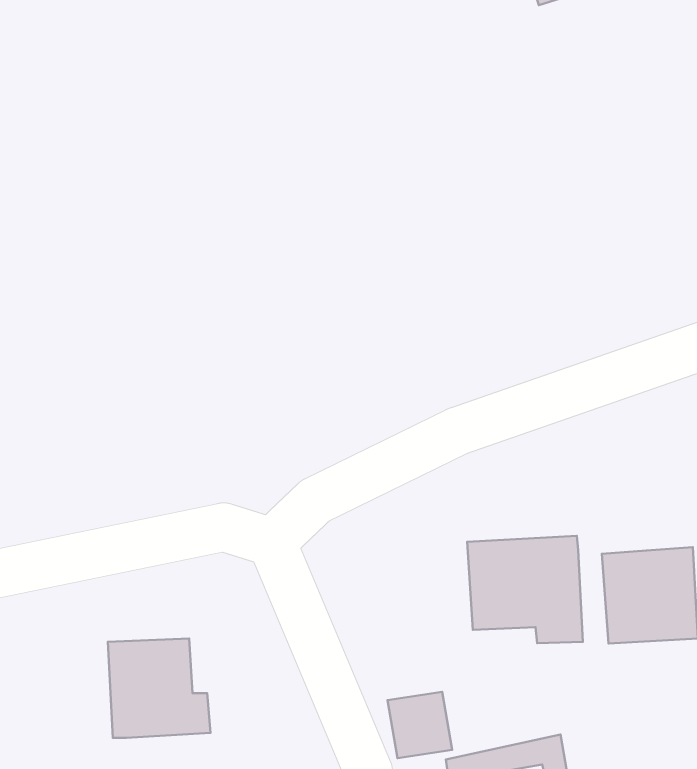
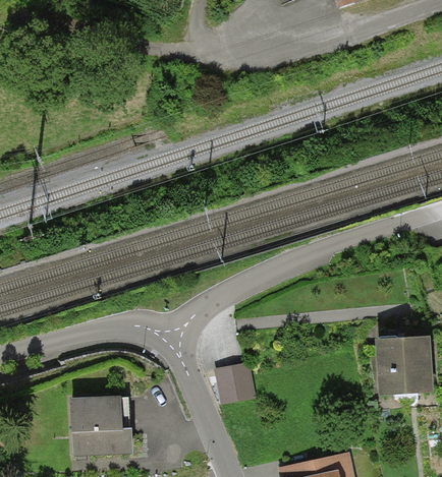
building: [467,536,583,643] -> none
building: [388,692,452,758] -> [216,362,256,403]

